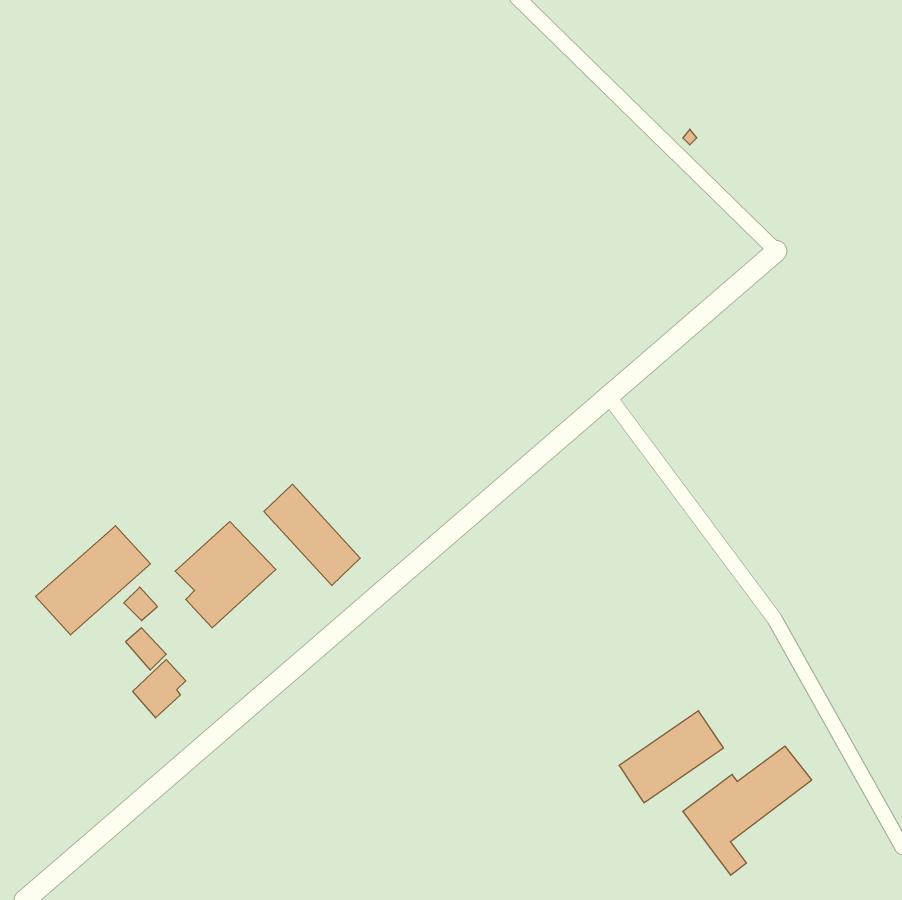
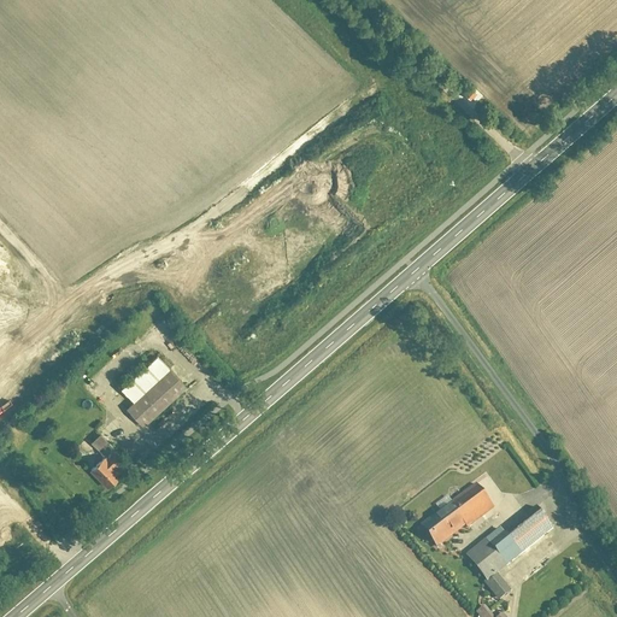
building: [264,484,360,585] -> none
building: [36,526,150,635] -> none

